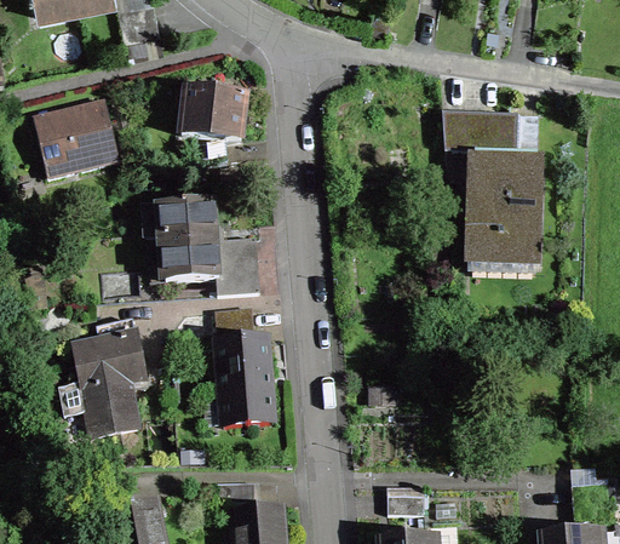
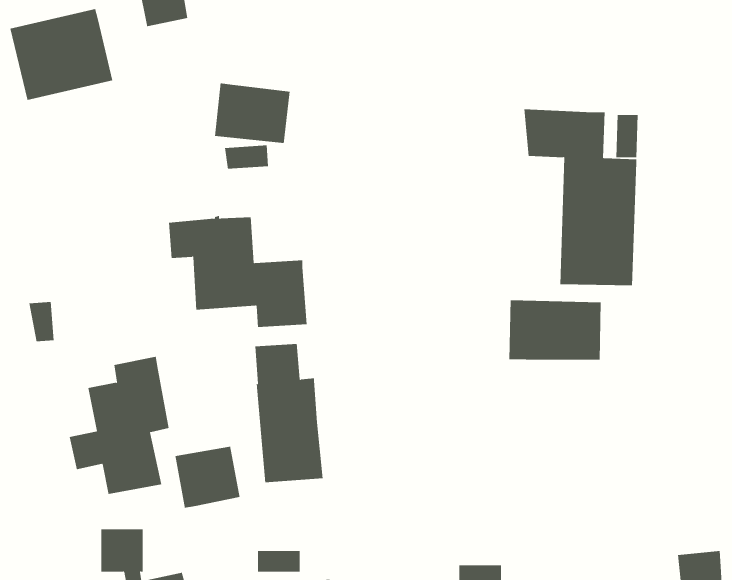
building: [33,99,120,177] -> [10,8,113,101]
building: none -> [509,300,601,360]
building: none -> [175,446,240,509]

